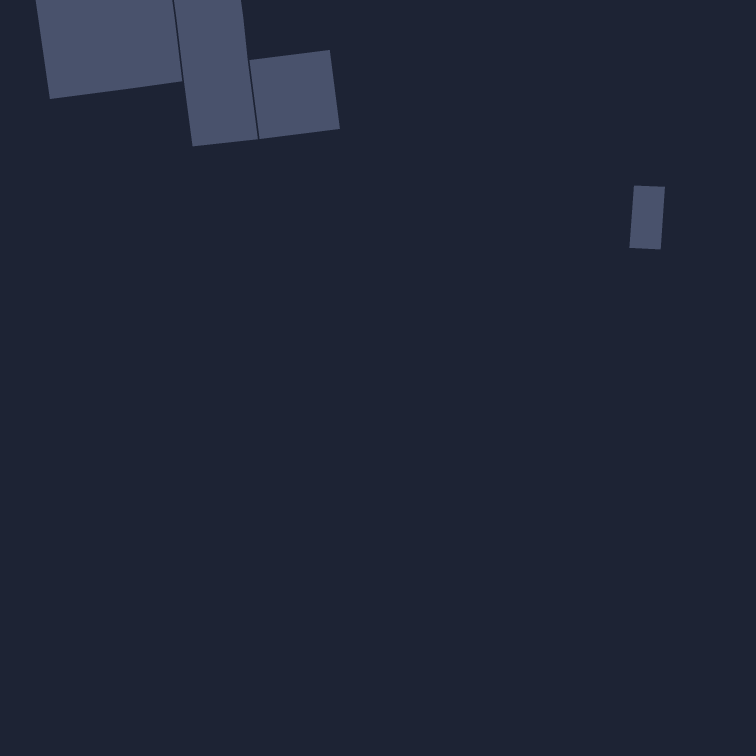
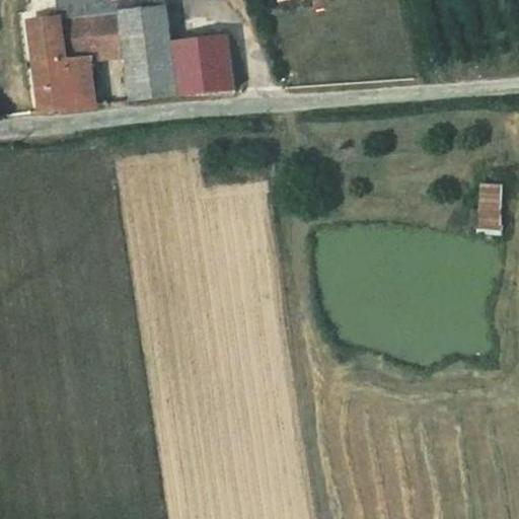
building: none -> [33,61,95,113]
building: [629,185,666,250] -> [473,181,499,226]

